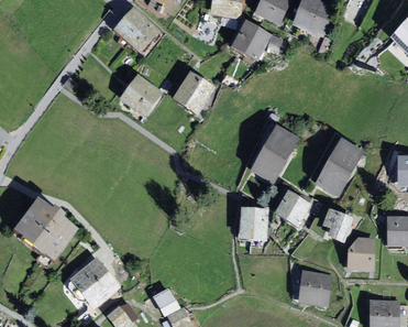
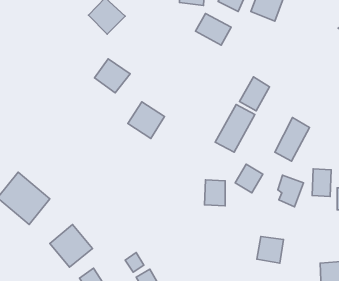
building: [174,74,214,115] -> [128,102,165,138]
building: none -> [240,77,269,111]
building: [350,239,371,270] -> [312,169,331,197]

